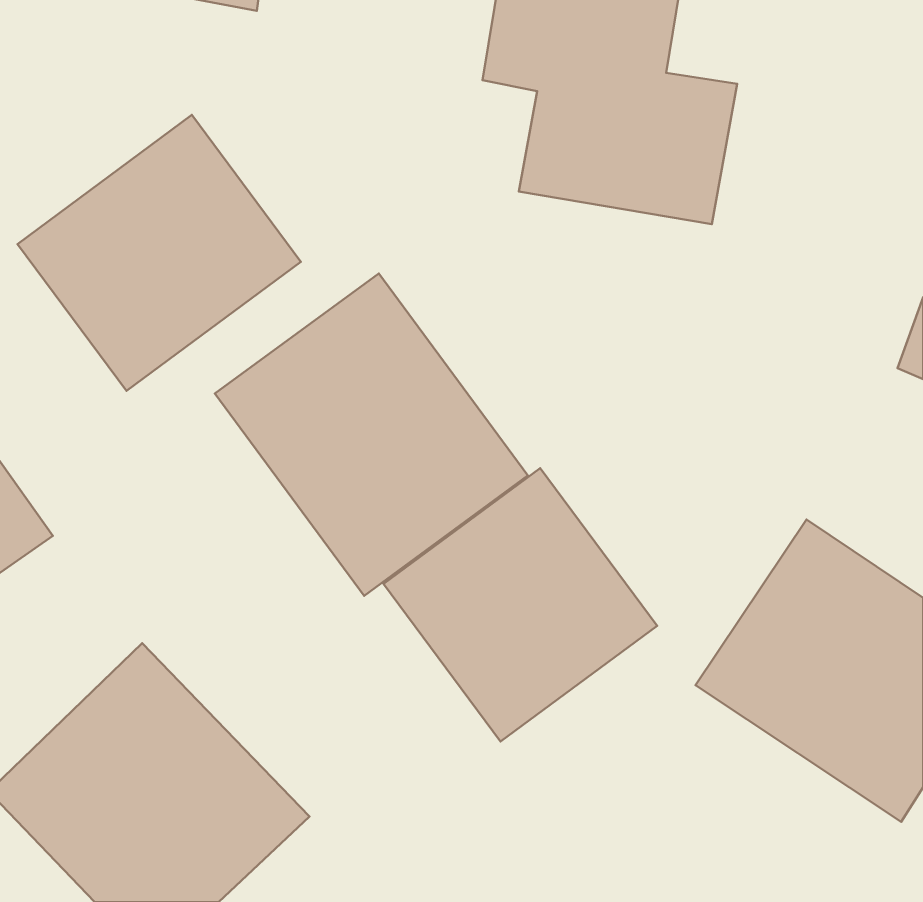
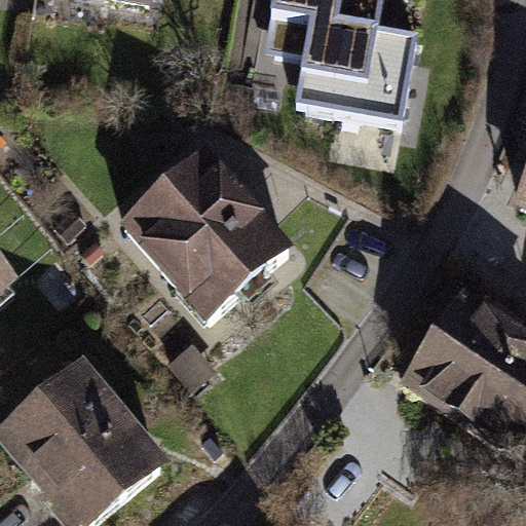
building: [17,115,301,391] -> none
building: [383,468,657,742] -> none

